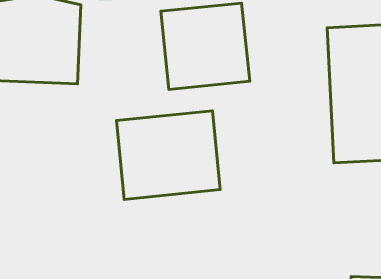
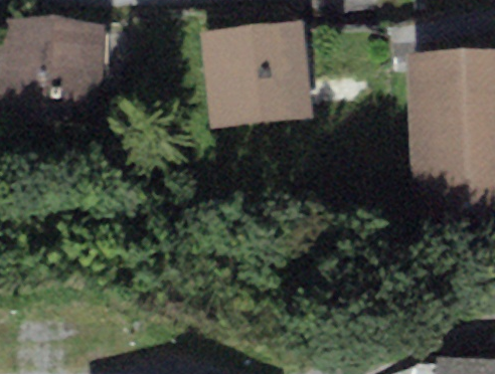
building: [116,111,220,199] -> none

